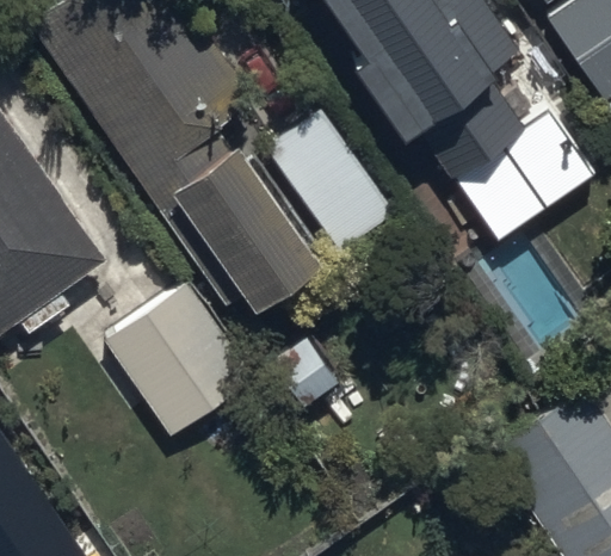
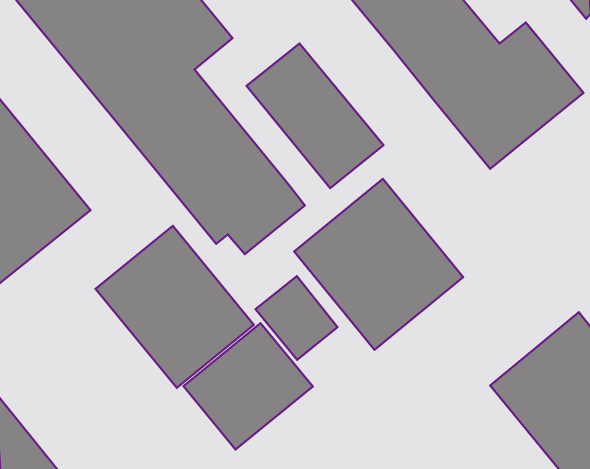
building: none -> [294,179,463,350]
building: none -> [183,323,313,450]

